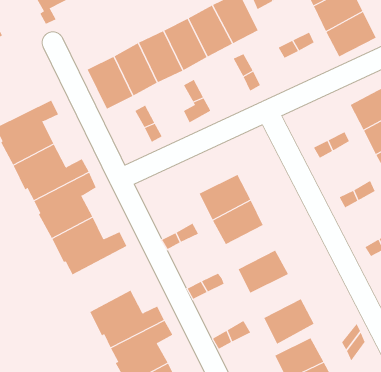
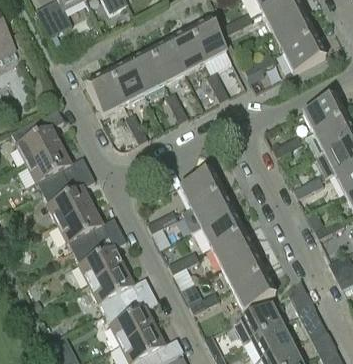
building: none -> [200,212,241,248]
building: none -> [74,229,126,283]
building: none -> [220,252,262,288]

